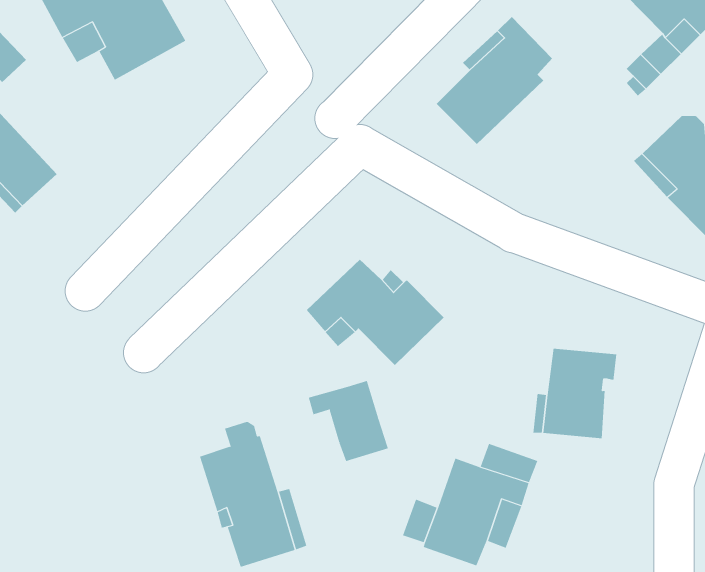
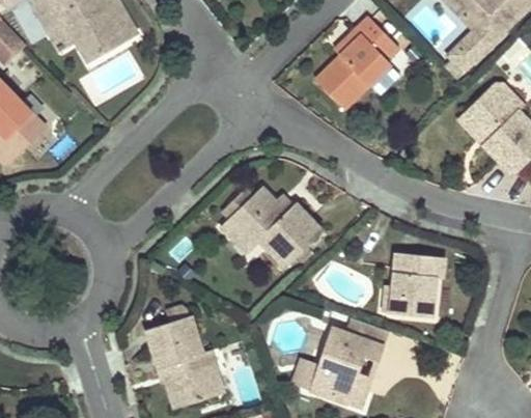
building: [308,380,389,462] -> none

